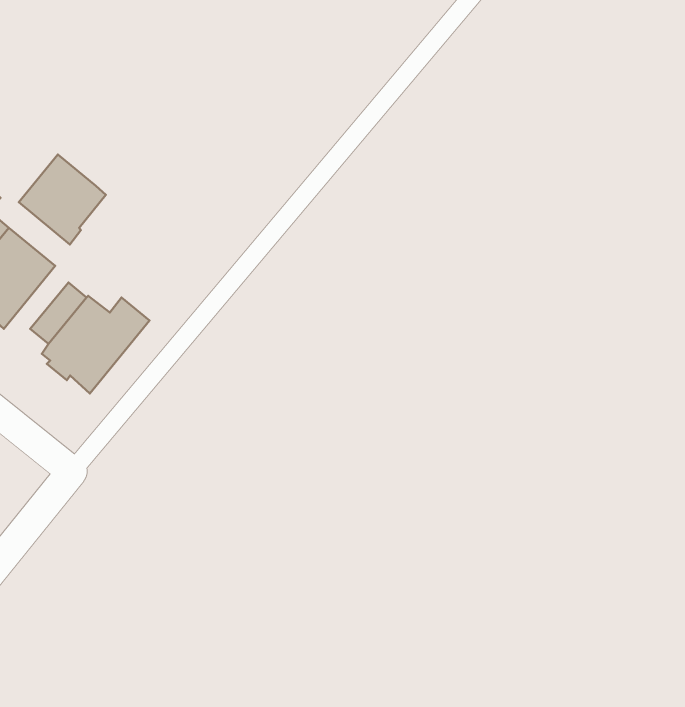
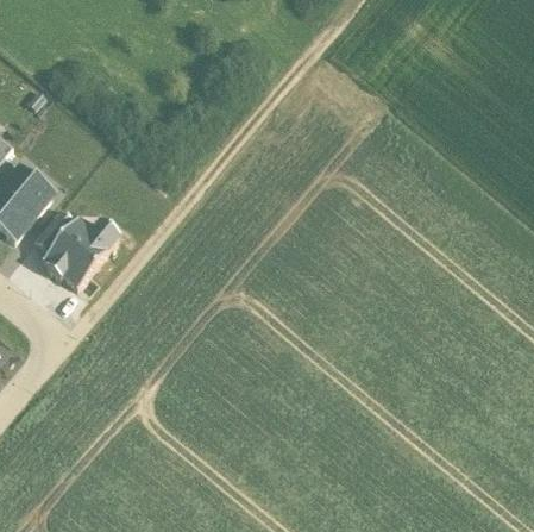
building: [19,155,106,245] -> none

